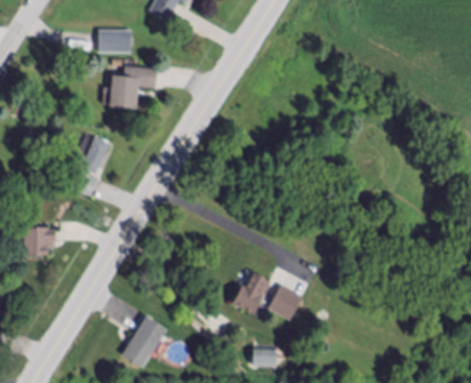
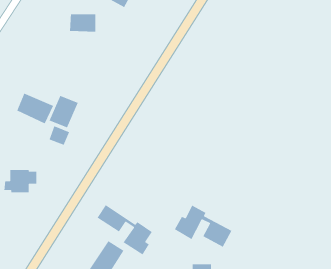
building: [108,65,158,108] -> none
building: none -> [16,92,54,124]
building: none -> [97,204,153,255]

